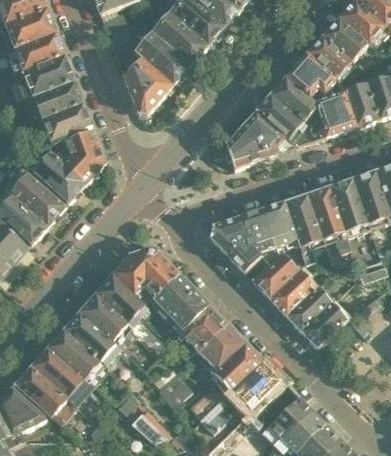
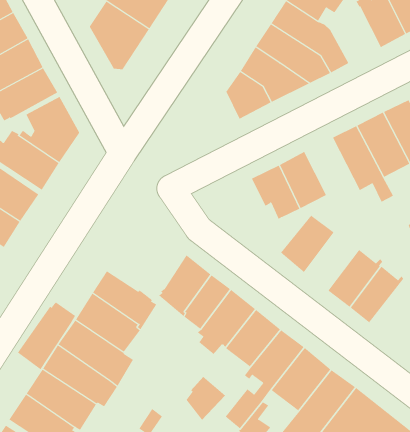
building: [315,90,357,134] -> none
building: [284,192,324,262] -> none
building: [210,216,261,271] -> none
building: [111,246,177,295] -> none
building: [270,267,320,315] -> none
building: none -> [17,301,76,370]

